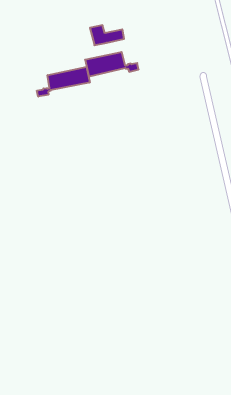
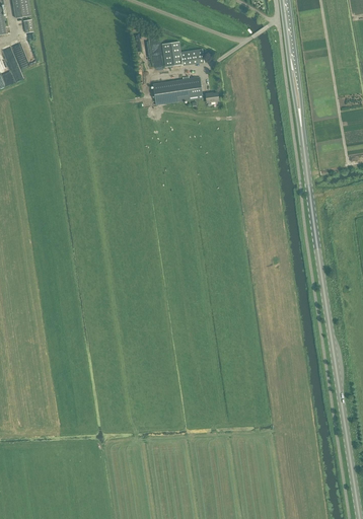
building: [37,67,90,97] -> none

